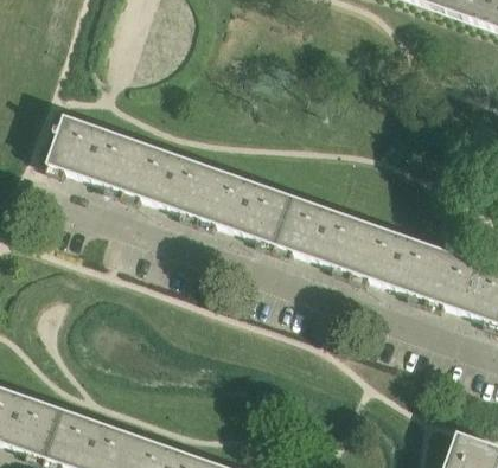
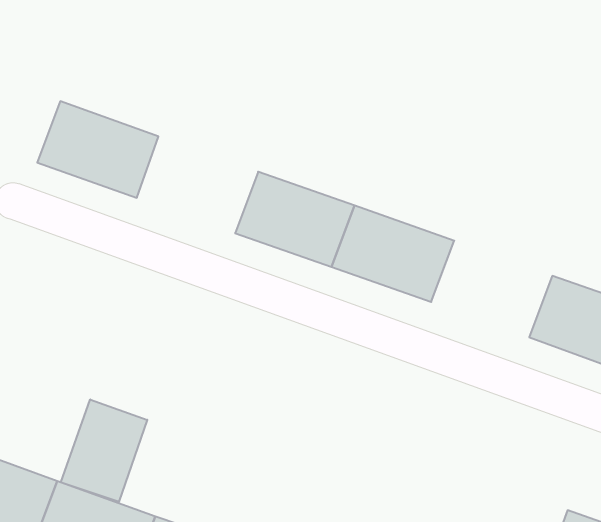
building: [122,141,216,216] -> none
building: [350,222,443,296] -> none
building: none -> [61,399,147,502]

